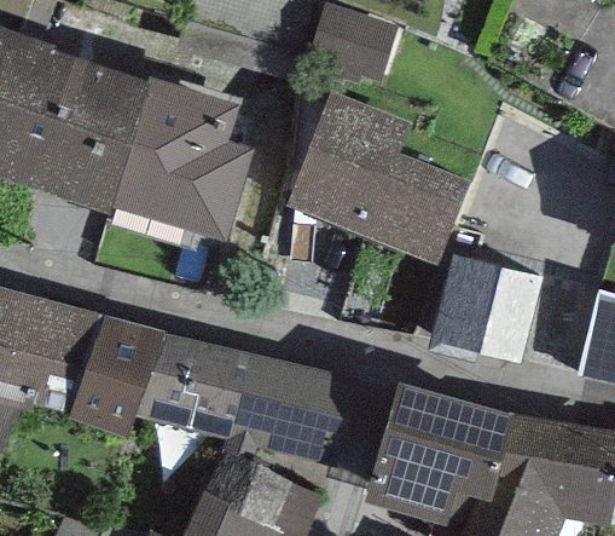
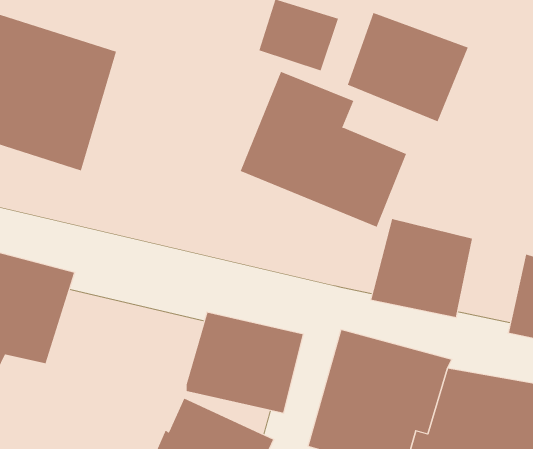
building: none -> [347,12,469,122]
building: [110,71,257,238] -> none
building: [65,315,248,440] -> none

